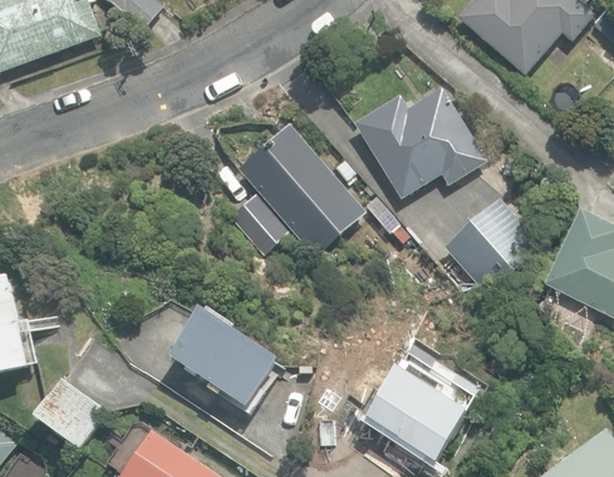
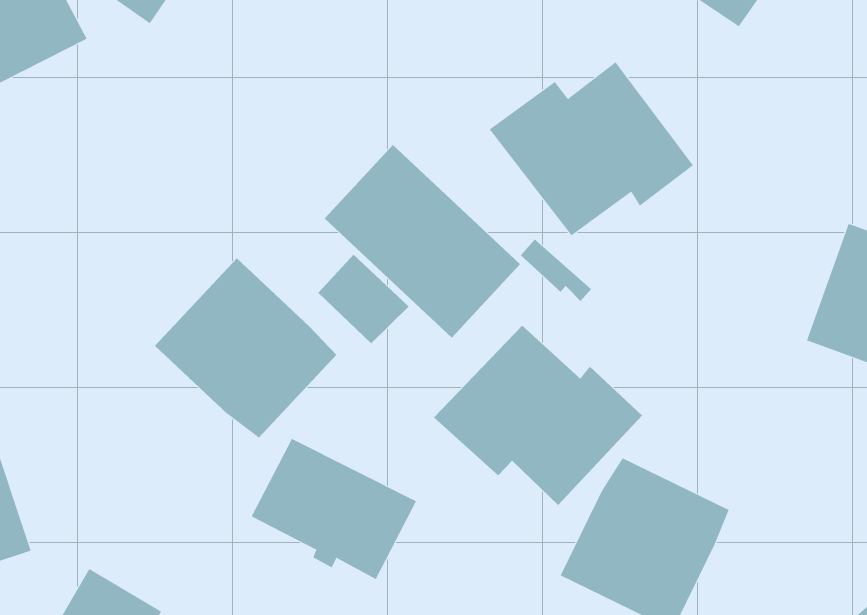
building: none -> [154,258,337,439]
building: [444,199,536,284] -> none
building: none -> [433,325,643,506]

